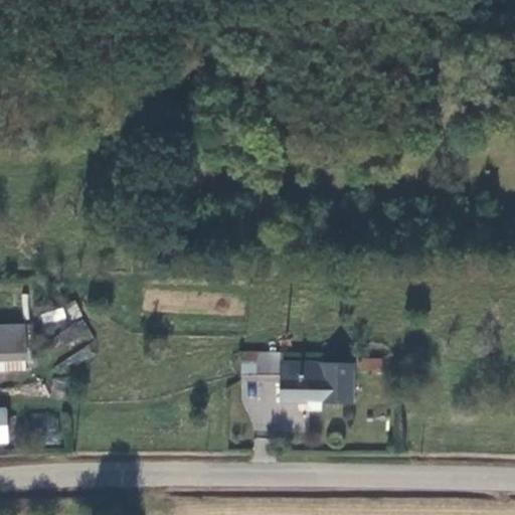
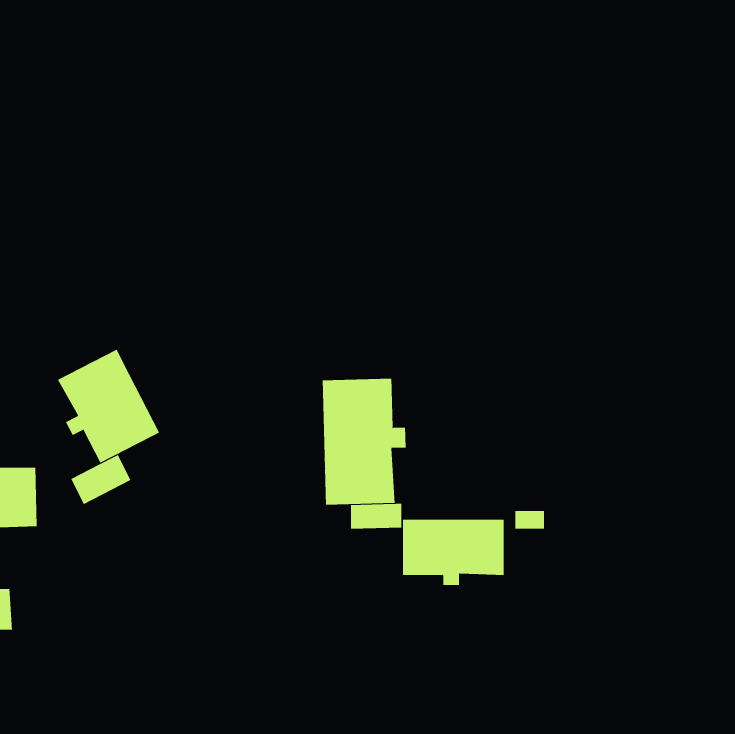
building: none -> [57,349,160,463]
building: none -> [322,378,406,505]

